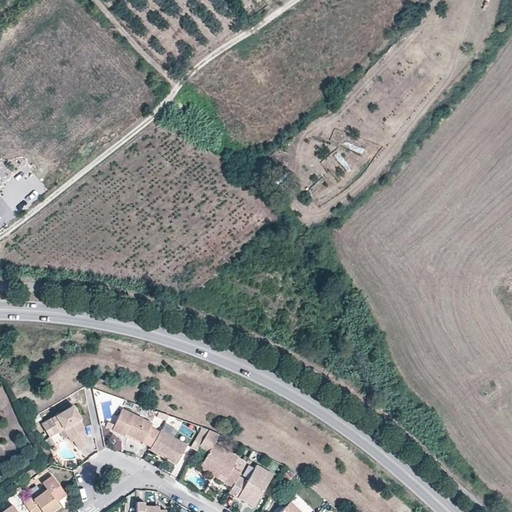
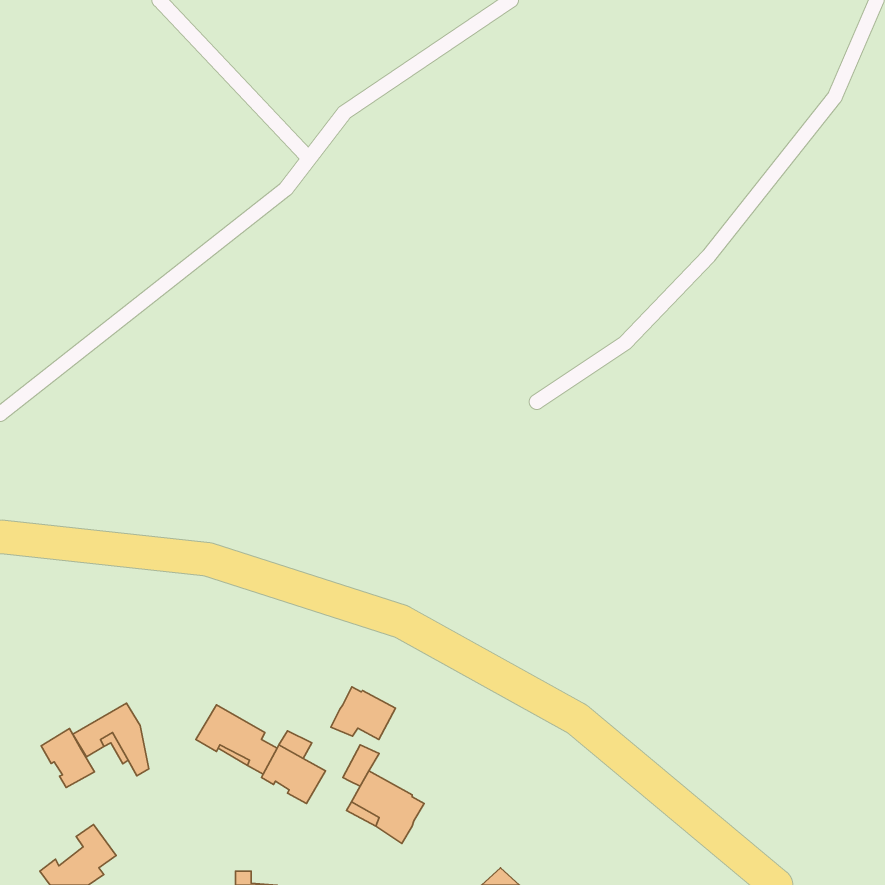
building: none -> [331,687,395,739]
building: none -> [41,729,95,788]
building: [228,466,273,504] -> none

